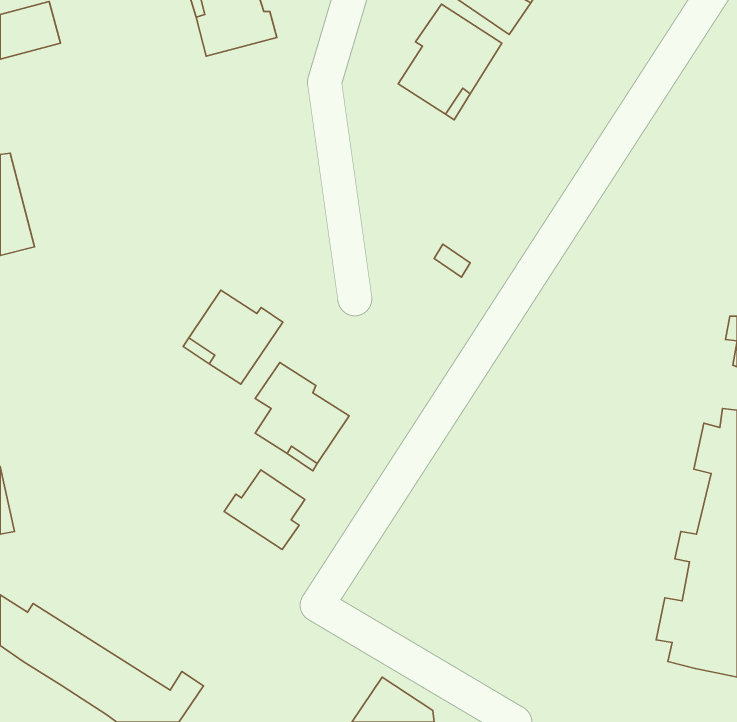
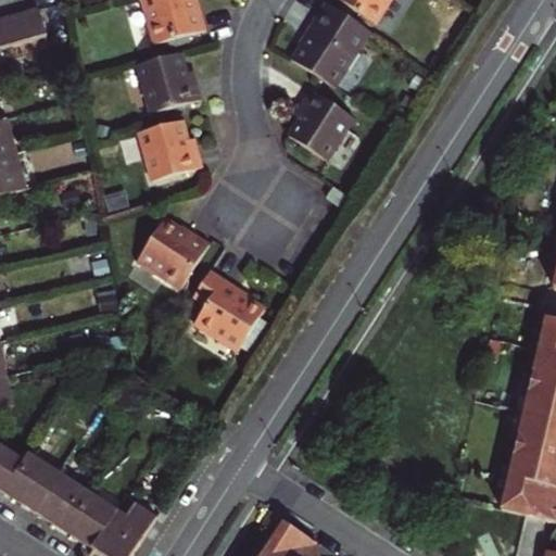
building: none -> [129,53,194,114]
building: none -> [293,91,359,163]
building: none -> [130,121,195,184]
building: [224,470,305,550] -> none

